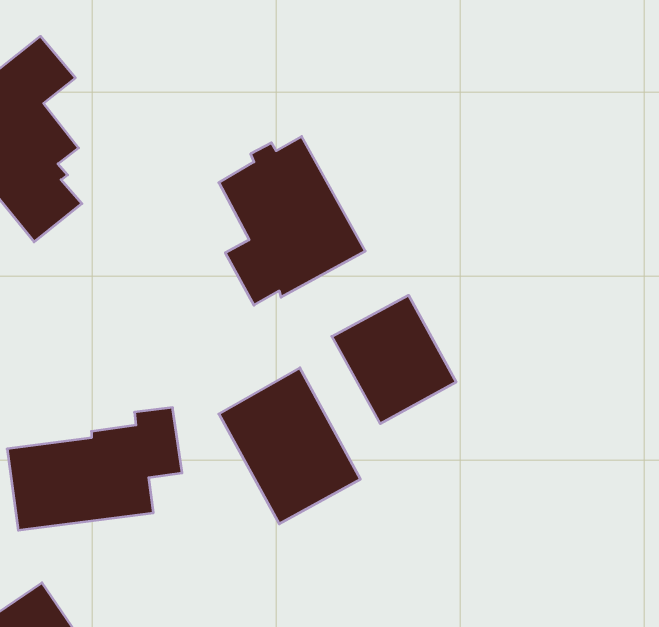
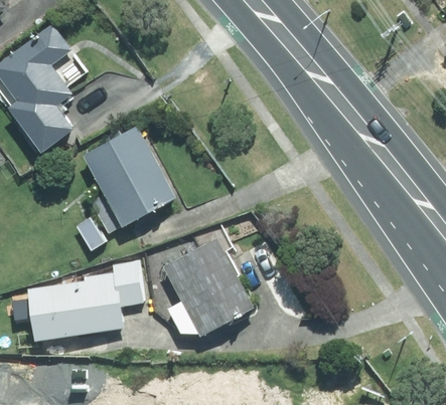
building: [219,136,365,305] -> [83,128,175,234]
building: [332,295,456,424] -> none

